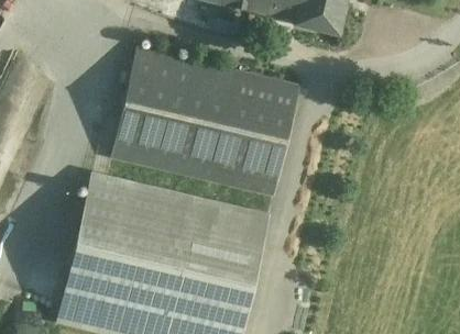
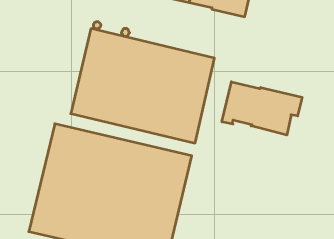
building: none -> [222,82,302,135]

